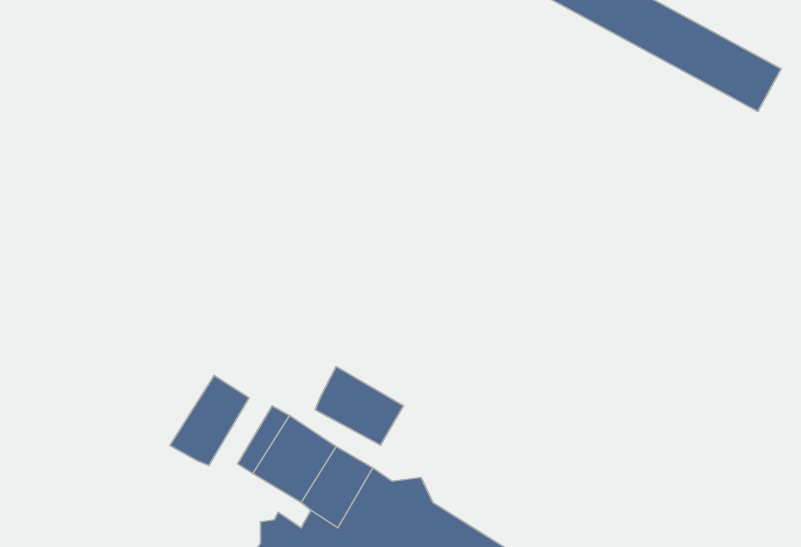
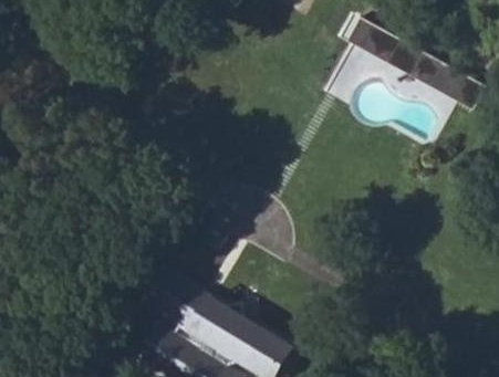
building: [315,367,403,445] -> none
building: [170,375,249,465] -> none

